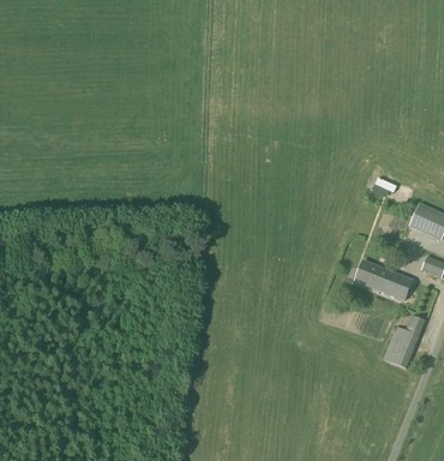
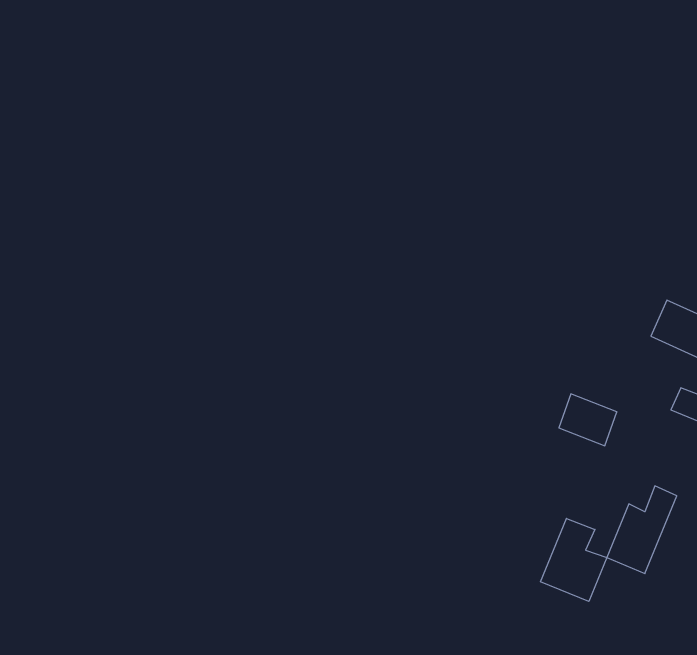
building: [382,270,413,299] -> none
building: none -> [540,518,607,601]

